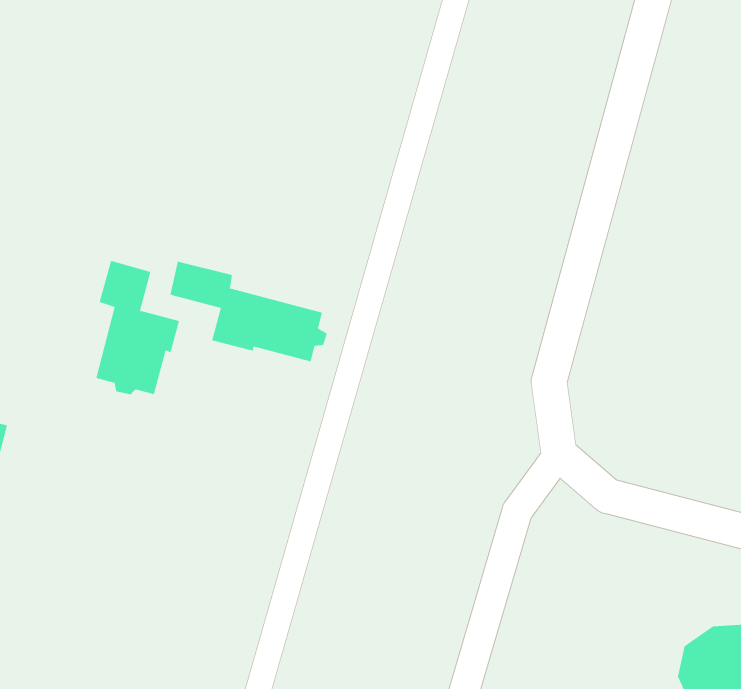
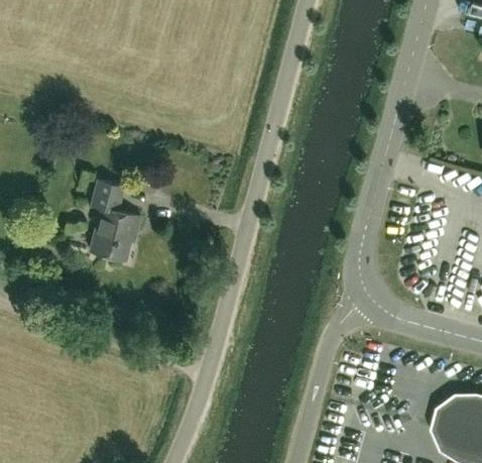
building: [170,261,327,362] -> none

